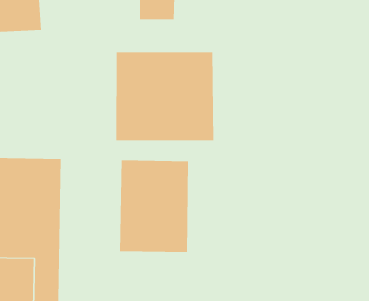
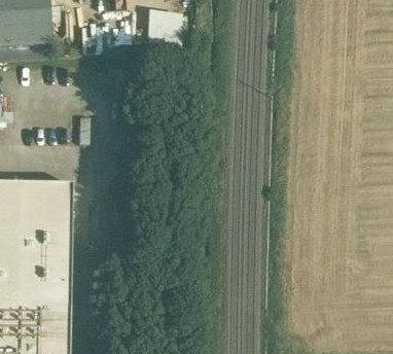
building: [116,51,214,141] -> none
building: [119,160,188,253] -> none

